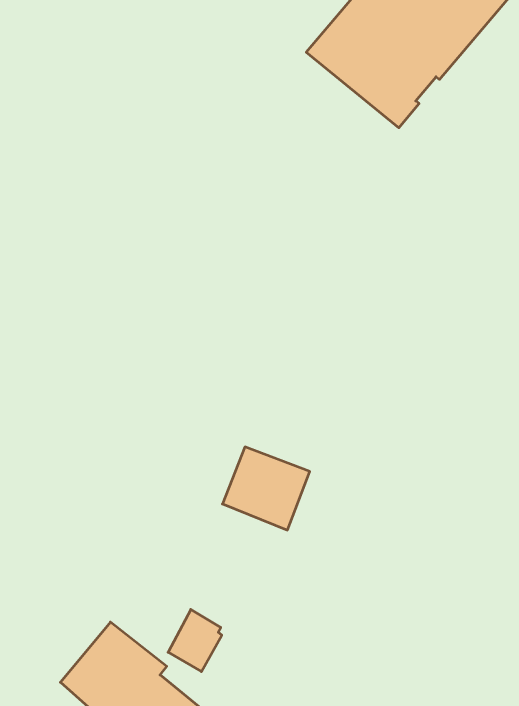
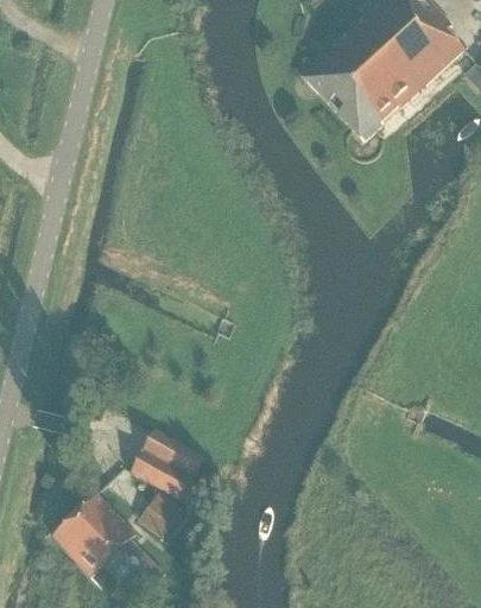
building: [222,447,310,530] -> [133,430,203,498]

